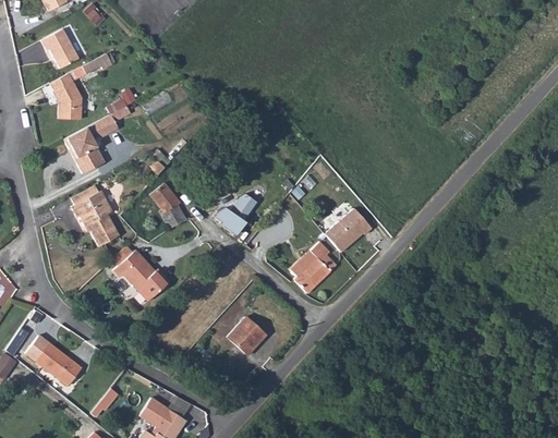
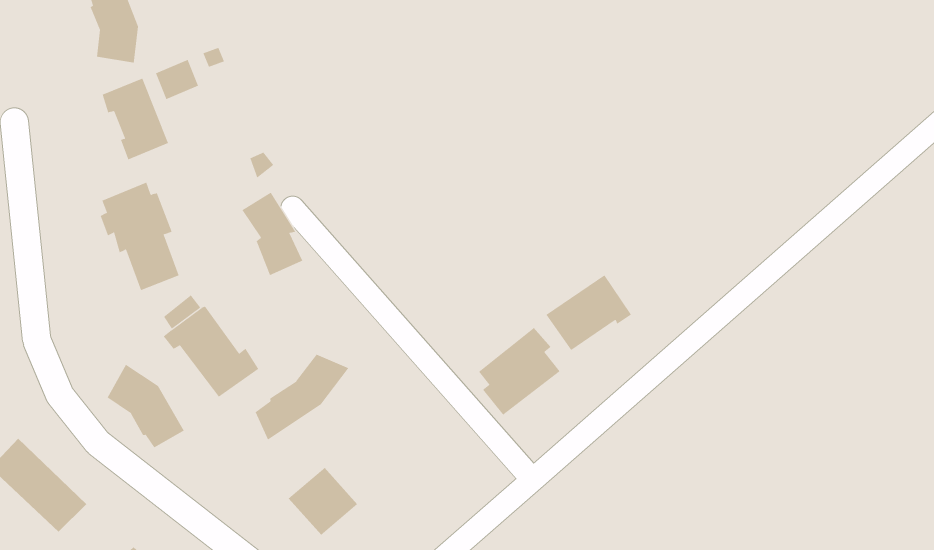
building: [215,192,256,235] -> none
building: none -> [255,354,349,440]
building: none -> [107,364,184,448]
building: [227,317,266,355] -> [288,467,358,535]

